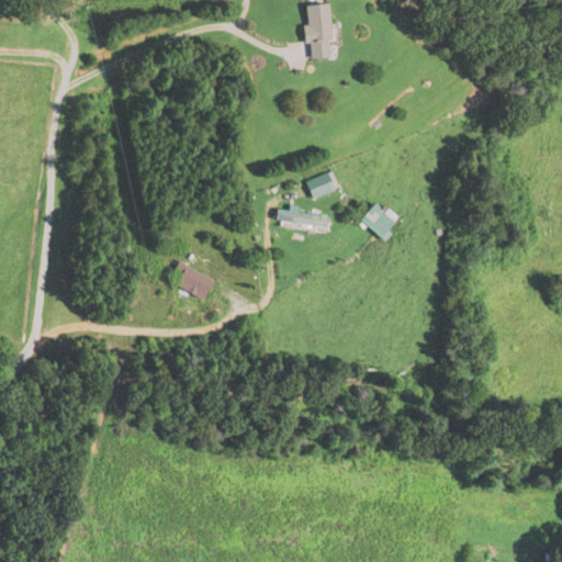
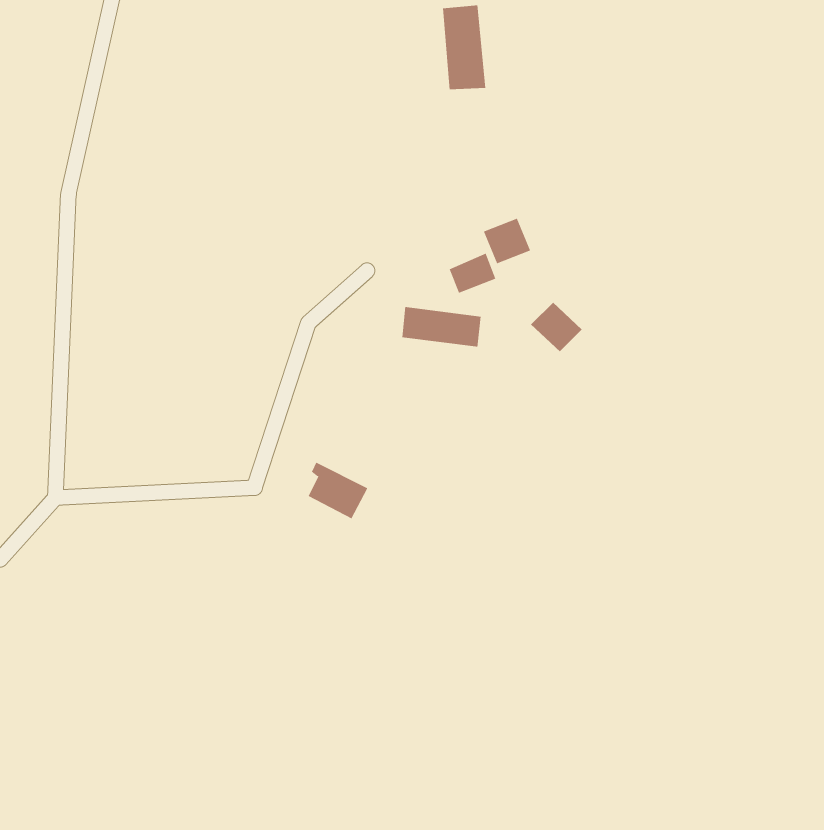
building: none -> [483,218,531,264]
building: [177,261,217,300] -> [308,462,368,519]

